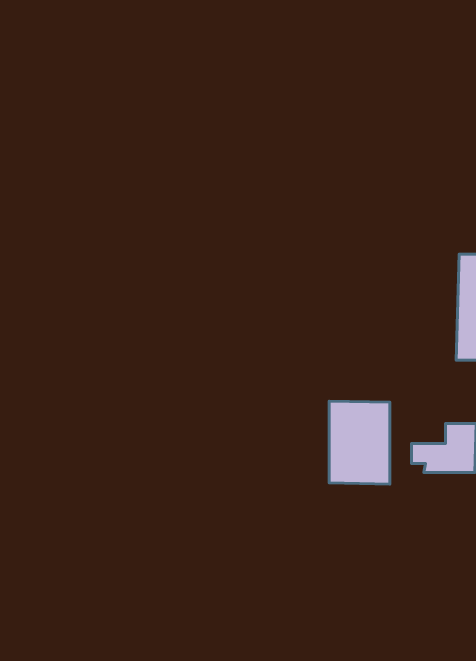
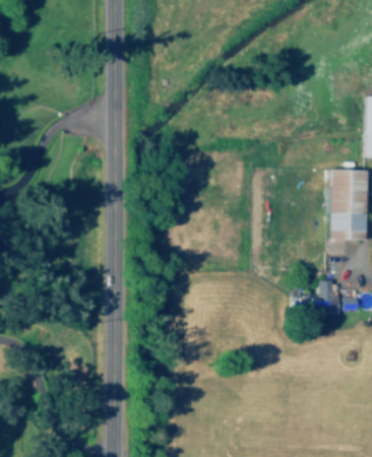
building: [329,401,390,484] -> none

